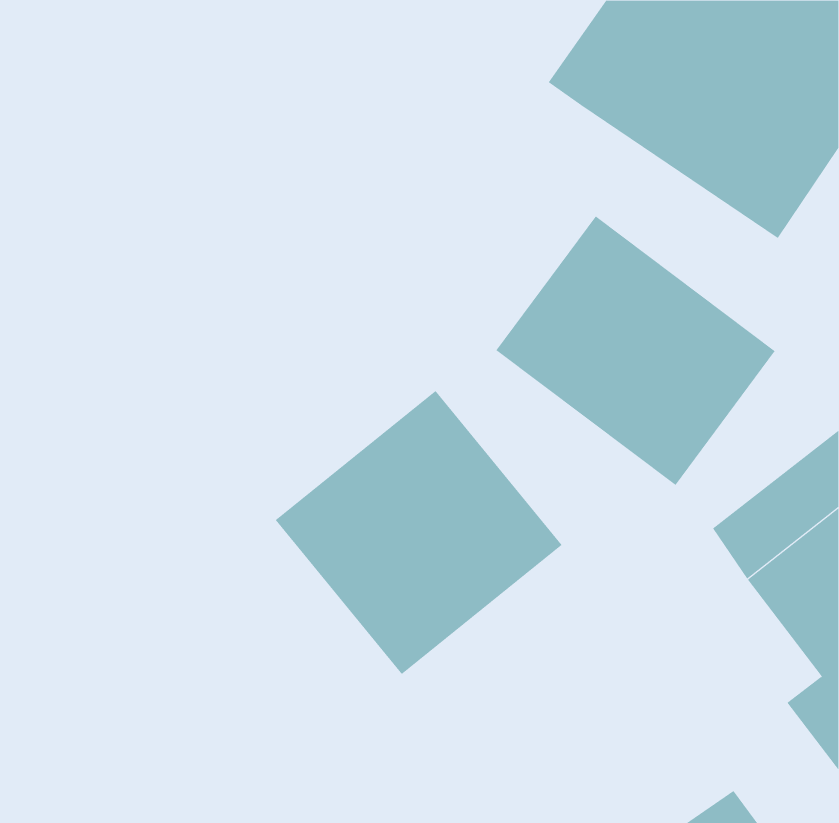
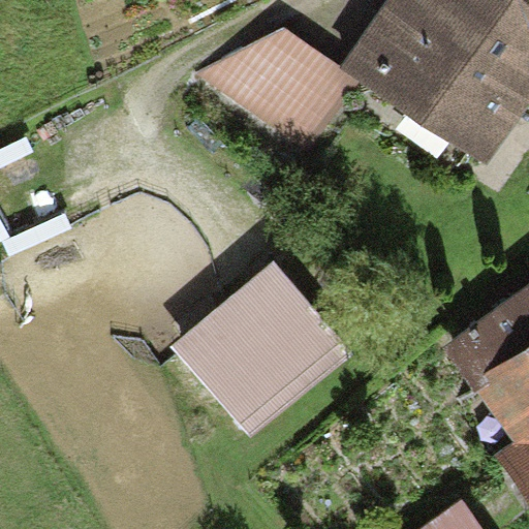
building: none -> [199,27,365,162]
building: [495,215,776,486] -> none

